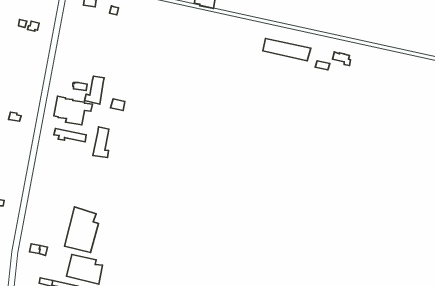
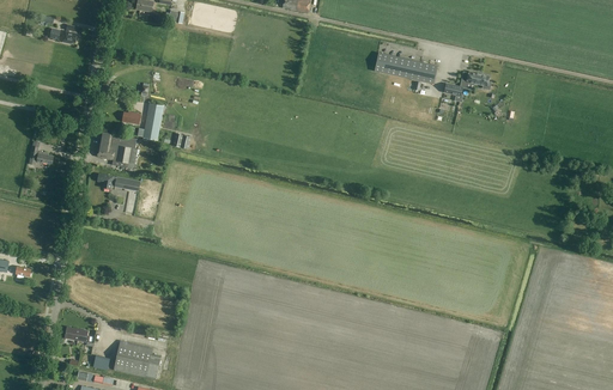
building: [93,127,109,158] -> none
building: [65,207,98,252] -> none

